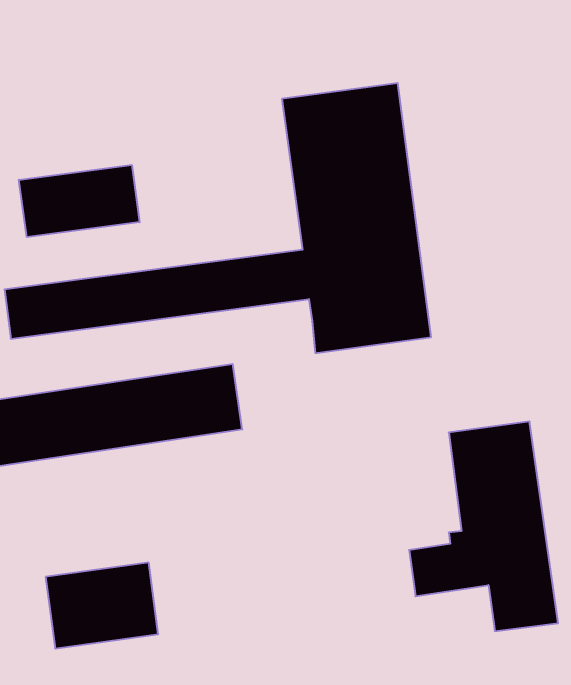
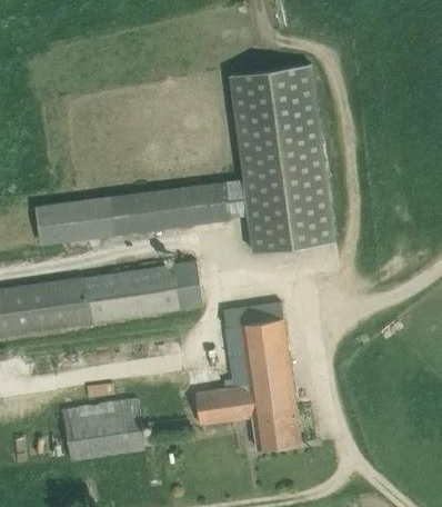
building: [19,165,140,237] -> none
building: [409,422,558,631] -> [197,304,301,450]

